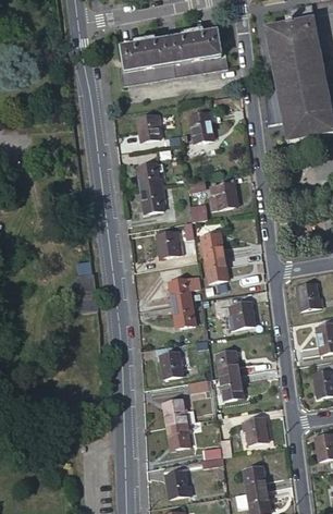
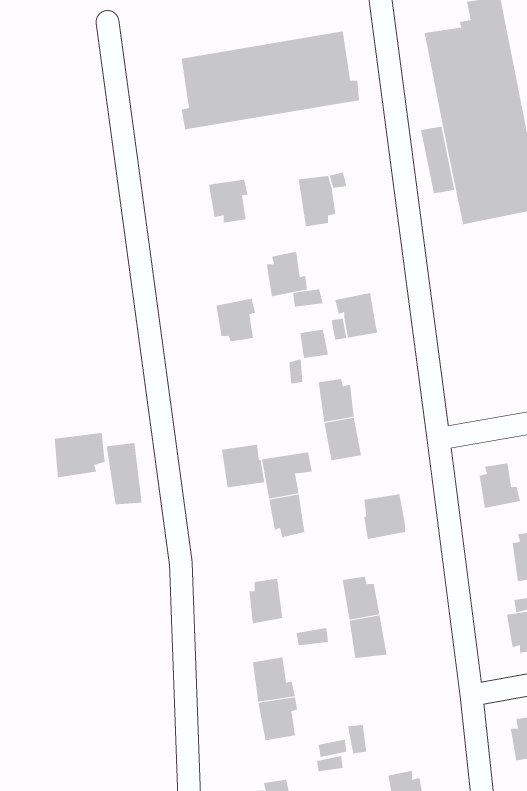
building: [137,162,162,189] -> [266,251,308,297]
building: [157,231,183,257] -> [221,444,265,488]
building: none -> [54,432,105,478]
building: [242,417,267,444] -> none

